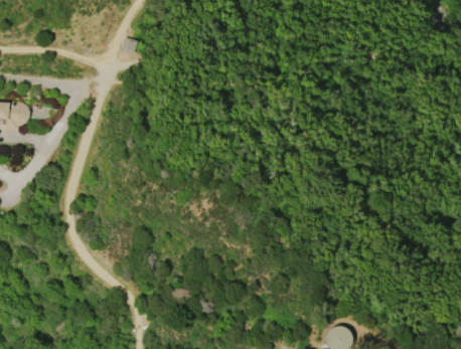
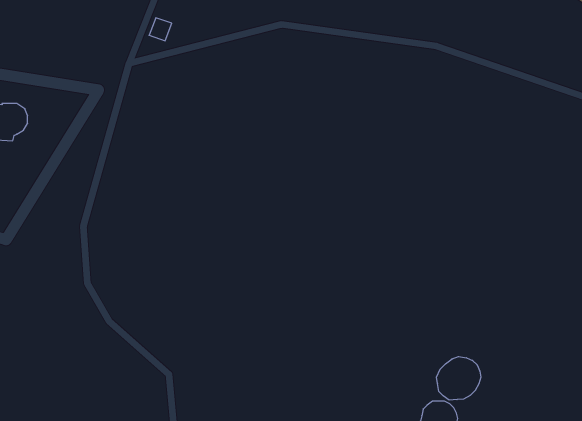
building: none -> [436,357,481,400]

